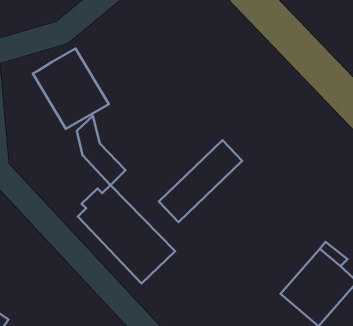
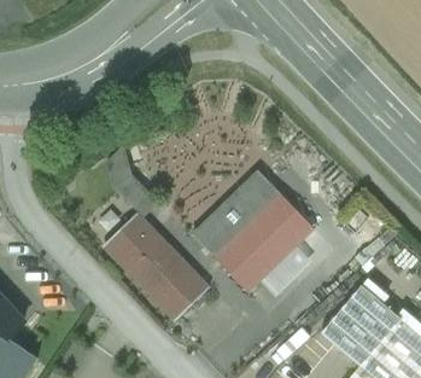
building: [33,49,109,129] -> none
building: none -> [214,193,315,292]

